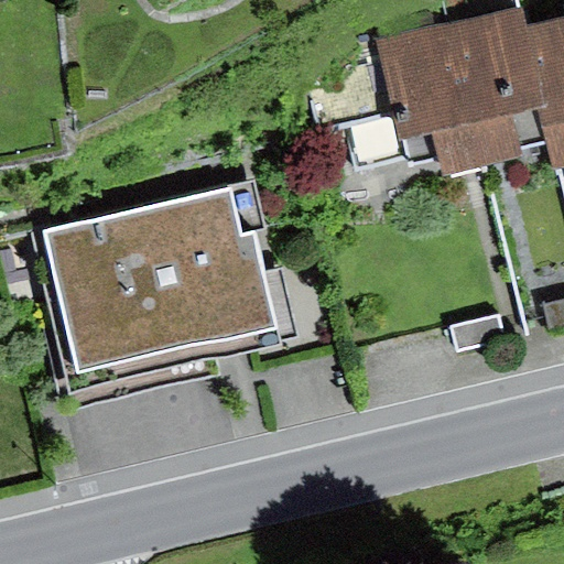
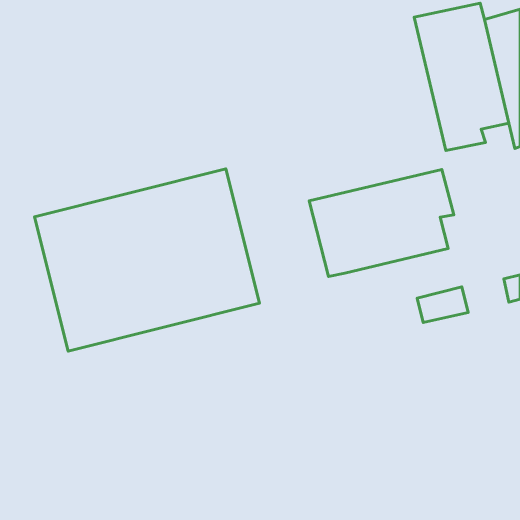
building: [382,19,482,172] -> none
building: none -> [309,170,454,277]

